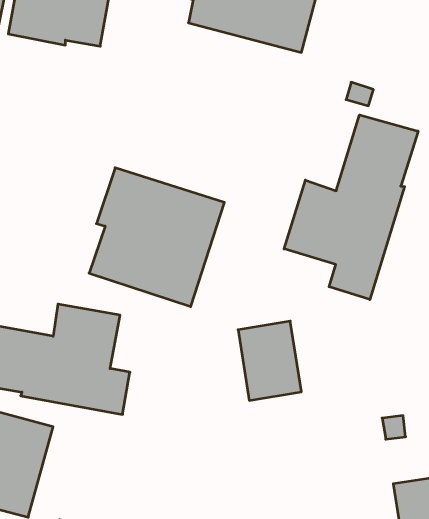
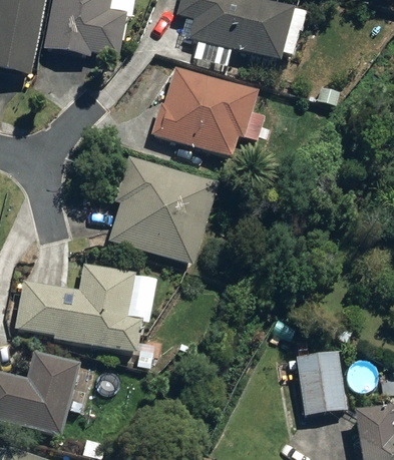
building: none -> [151,66,258,157]
building: [284,115,418,300] -> none
building: [238,321,301,400] -> [295,351,346,415]

